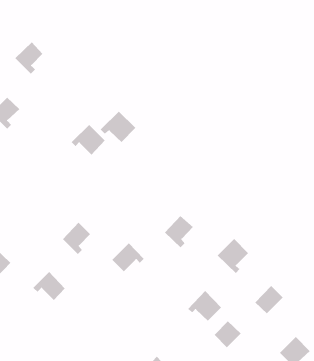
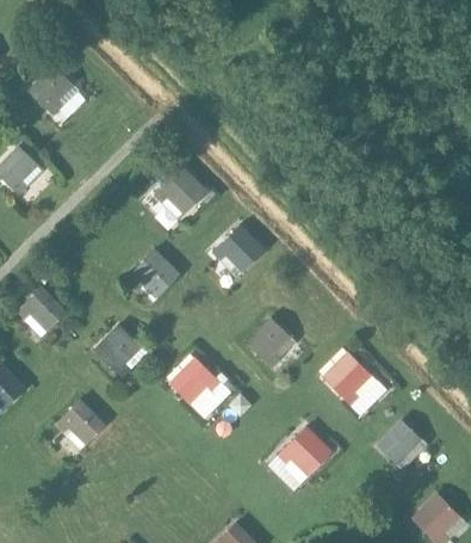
building: [71,124,105,155] -> [129,251,179,296]
building: none -> [213,226,265,271]
building: none -> [18,288,66,329]
building: [214,320,241,348] -> none

